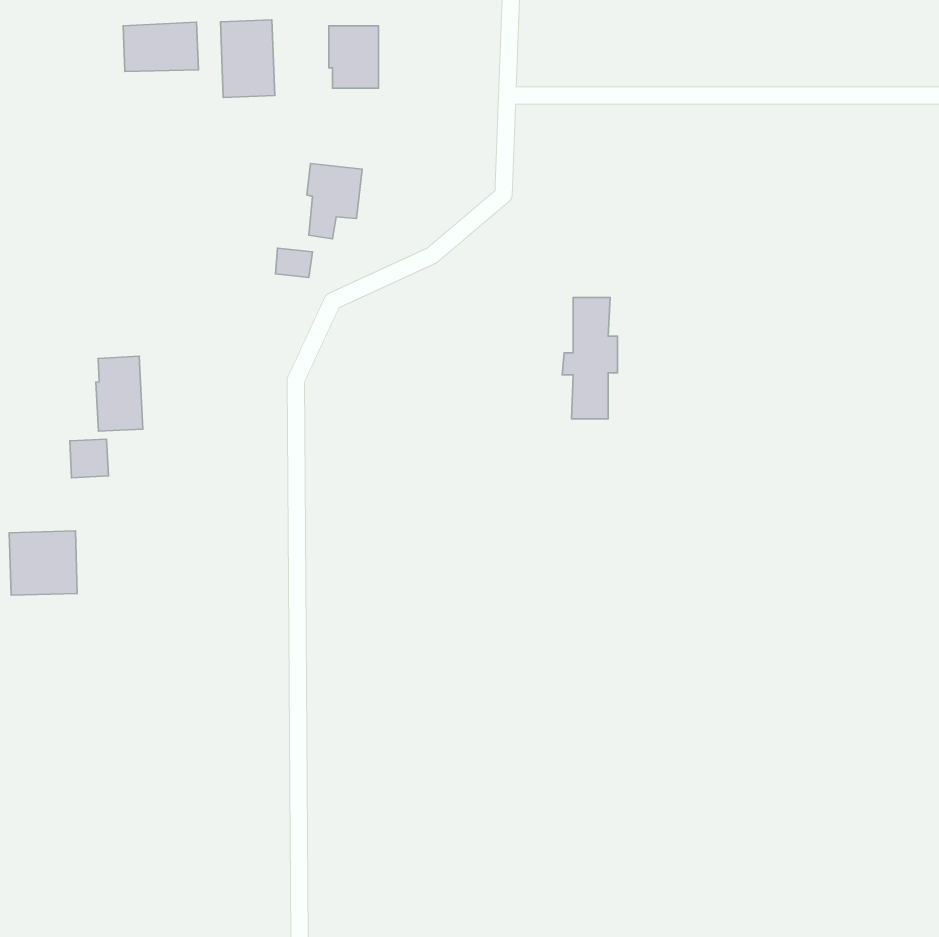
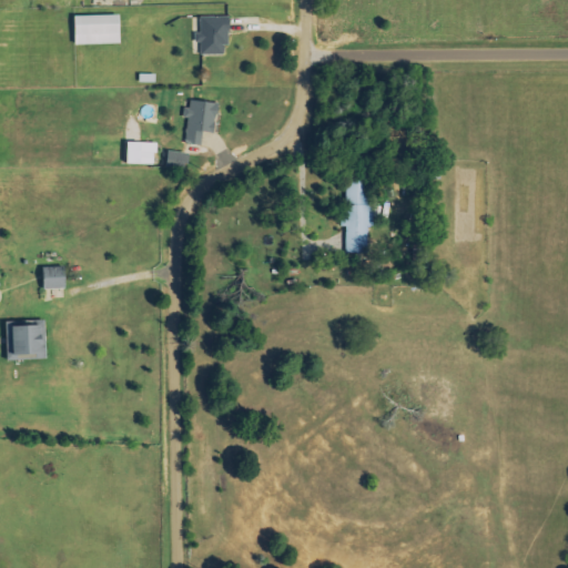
building: [220,20,275,97] -> none
building: none -> [126,141,155,163]
building: [96,356,143,431] -> none

